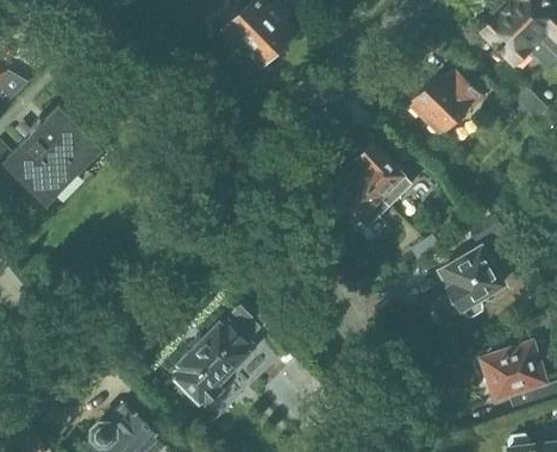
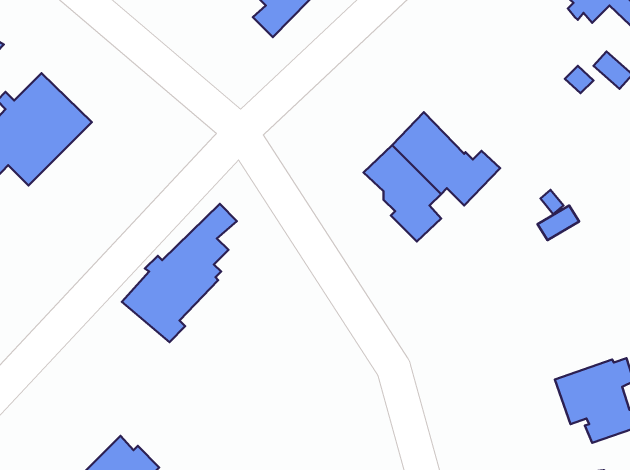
building: [409,69,484,134] -> none
building: [440,247,503,318] -> none
building: [174,289,269,403] -> [122,204,237,342]

